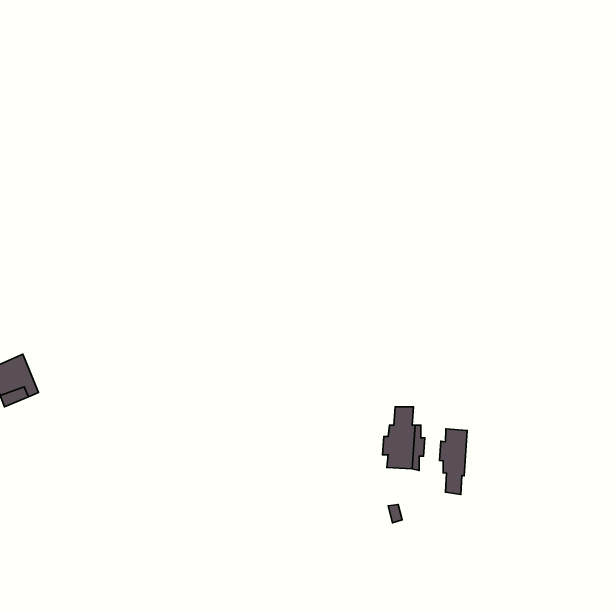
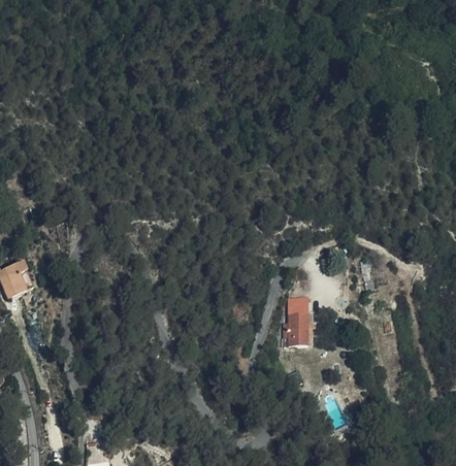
building: [440,429,467,495] -> none

